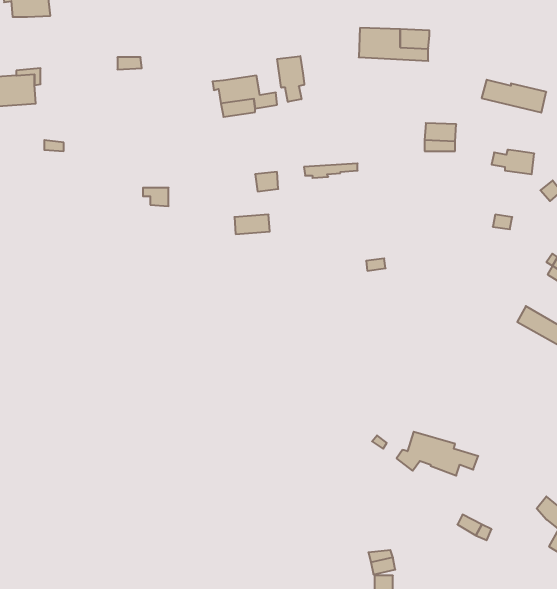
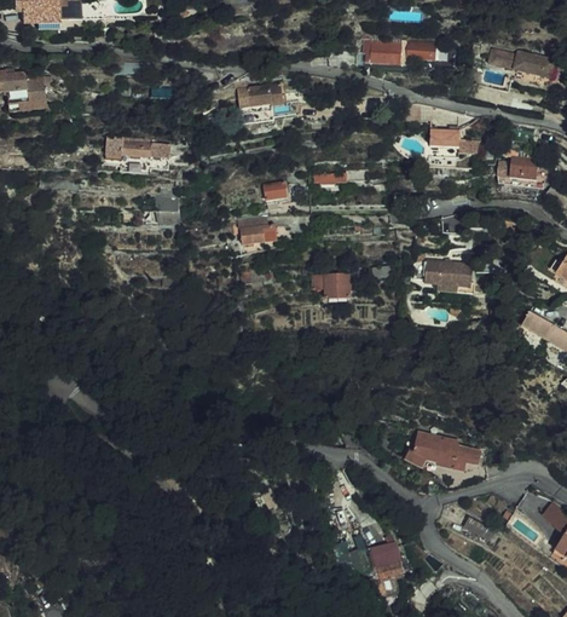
building: [277,56,304,102] -> none
building: [482,80,546,113] -> [491,45,555,77]
building: none -> [100,134,166,160]
building: none -> [427,259,475,294]
building: none -> [312,272,352,296]

